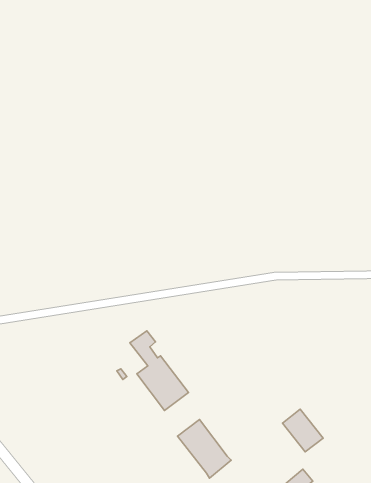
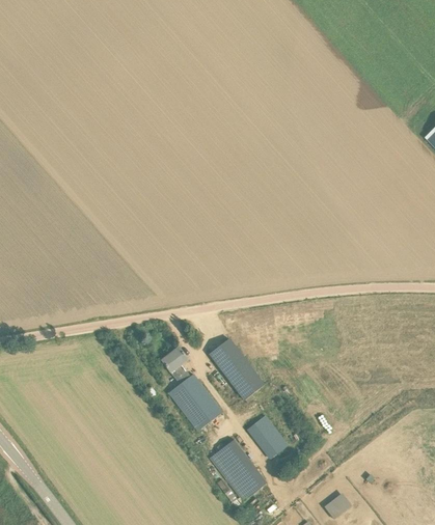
building: none -> [210,338,265,399]
building: [282,409,323,452] -> [246,414,289,459]

